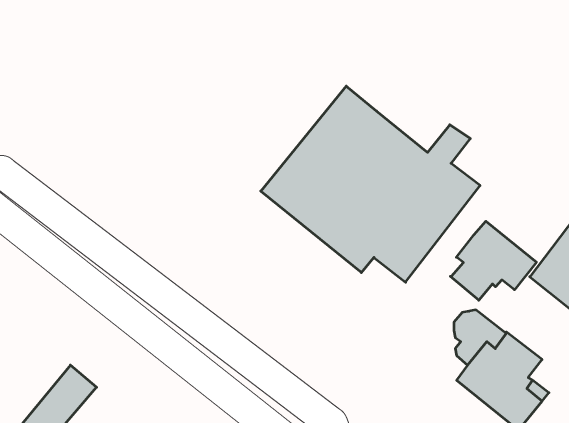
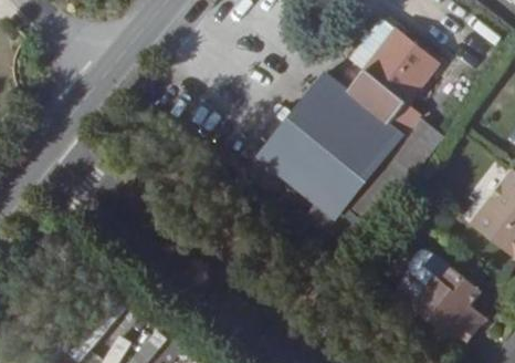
building: none -> [347,24,439,124]
building: [450,221,536,300] -> none

